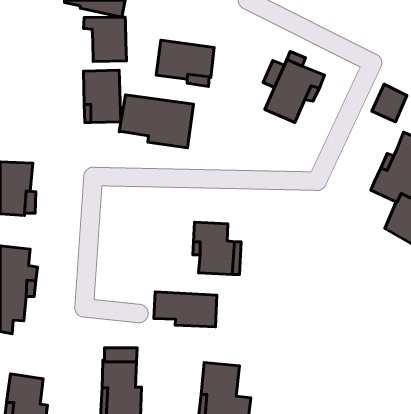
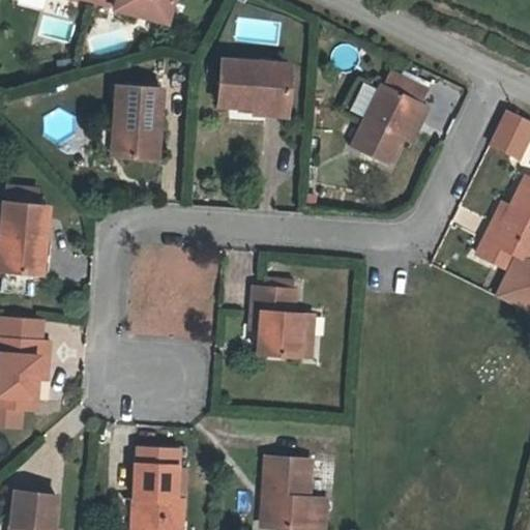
building: [83,17,127,61] -> none
building: [119,95,193,148] -> none
building: [154,292,217,327] -> none

